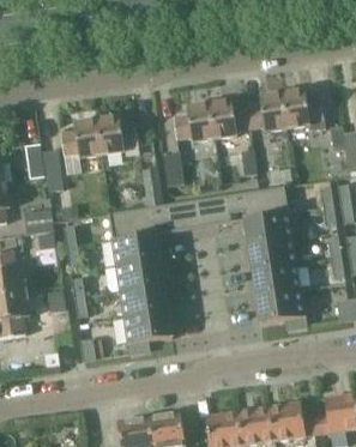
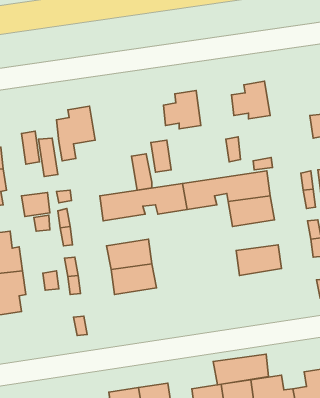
building: [282,89,326,131] -> none
building: [210,99,249,139] -> none
building: [97,116,139,155] -> none
building: [111,232,159,266] -> none
building: [248,238,296,271] -> none
building: [255,290,306,330] -> none
building: [123,310,171,355] -> none
building: none -> [213,354,269,385]

